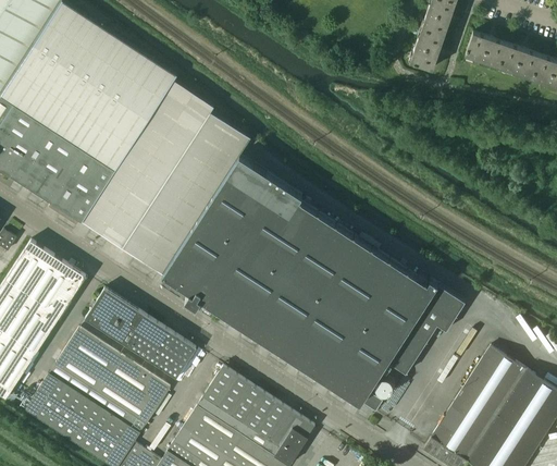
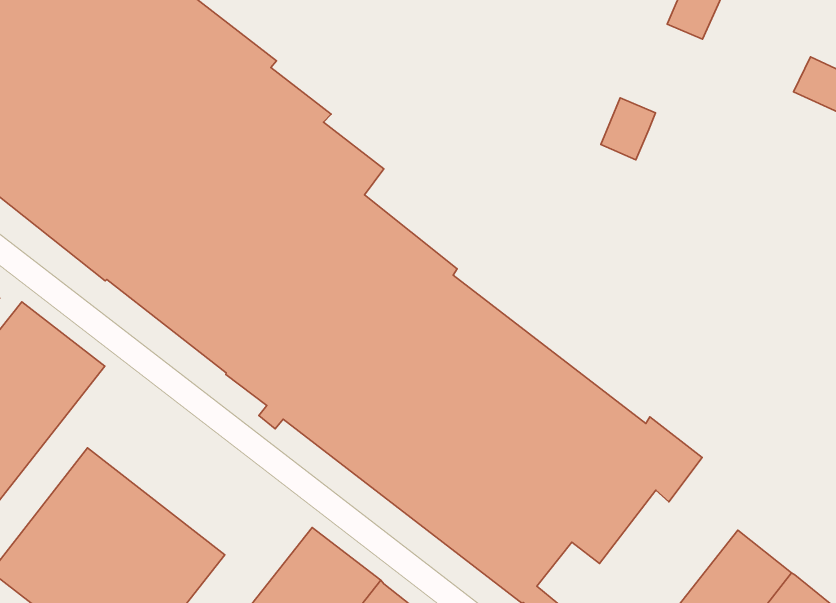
building: [409,33,442,71] -> [601,98,656,160]
building: [465,33,510,69] -> none
building: [85,290,196,379] -> none

